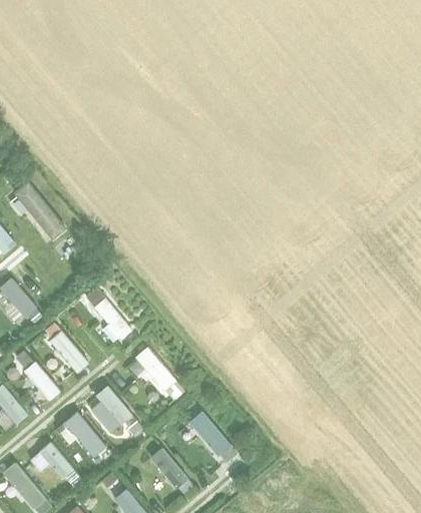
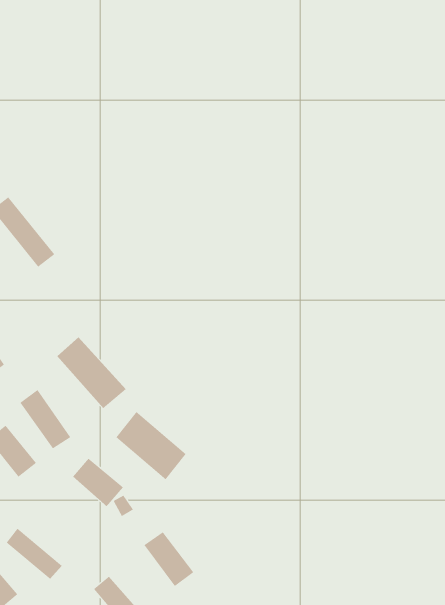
building: [68,413,104,453] -> none
building: [192,416,233,462] -> none

